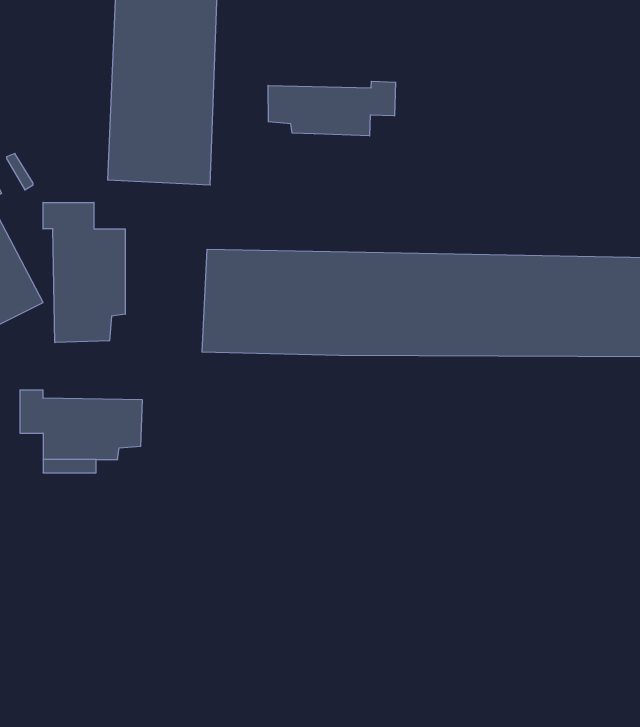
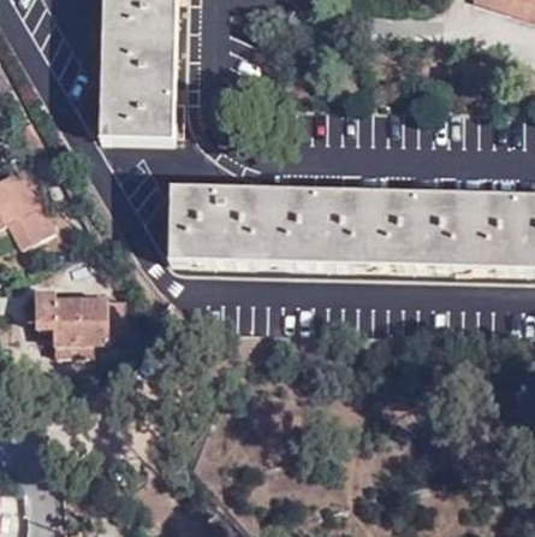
building: [268,81,396,136] -> none
building: [43,202,125,343] -> none

